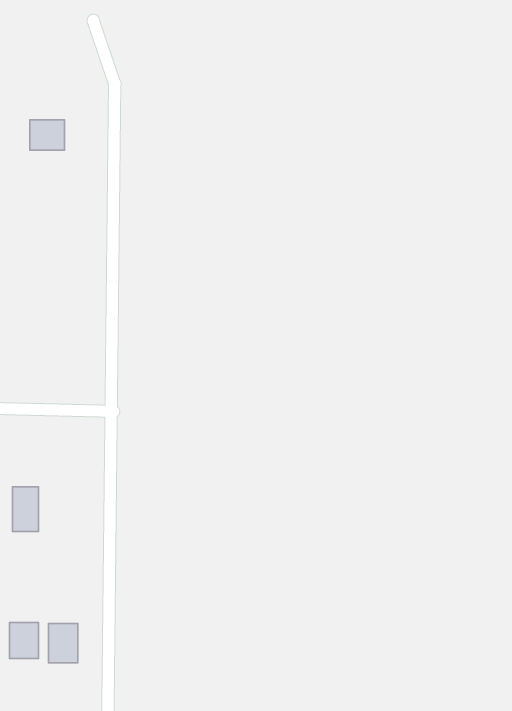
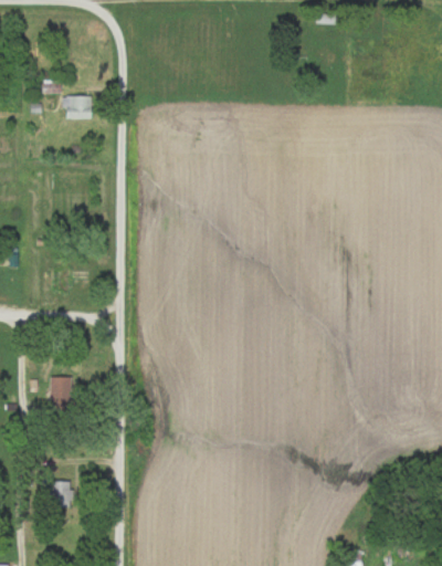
building: [48,623,78,663] -> none

